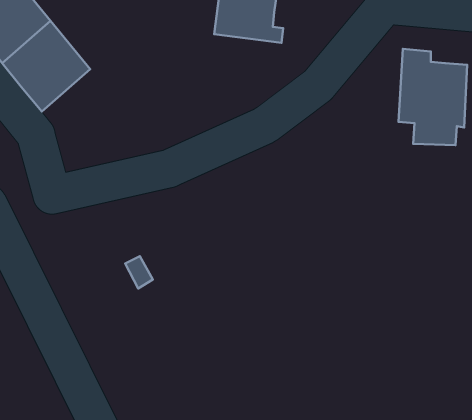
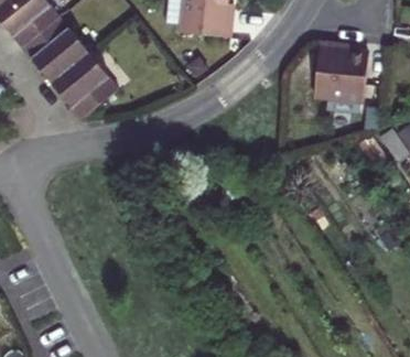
building: none -> [46,55,116,125]

